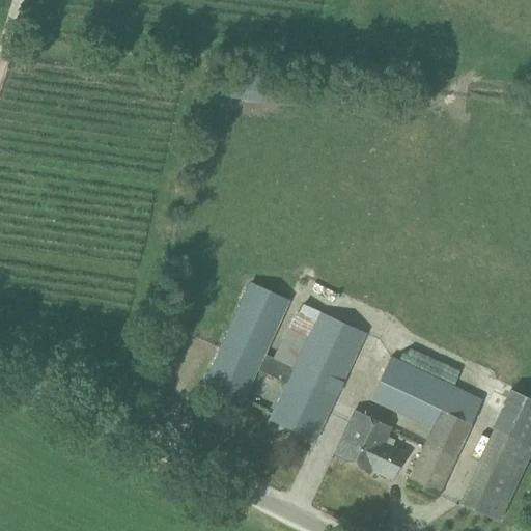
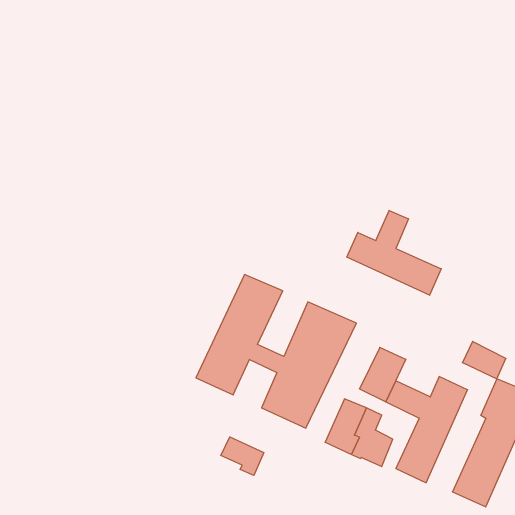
building: none -> [347,210,441,295]
building: [408,369,452,408] -> [462,341,506,379]
building: none -> [221,437,264,475]

